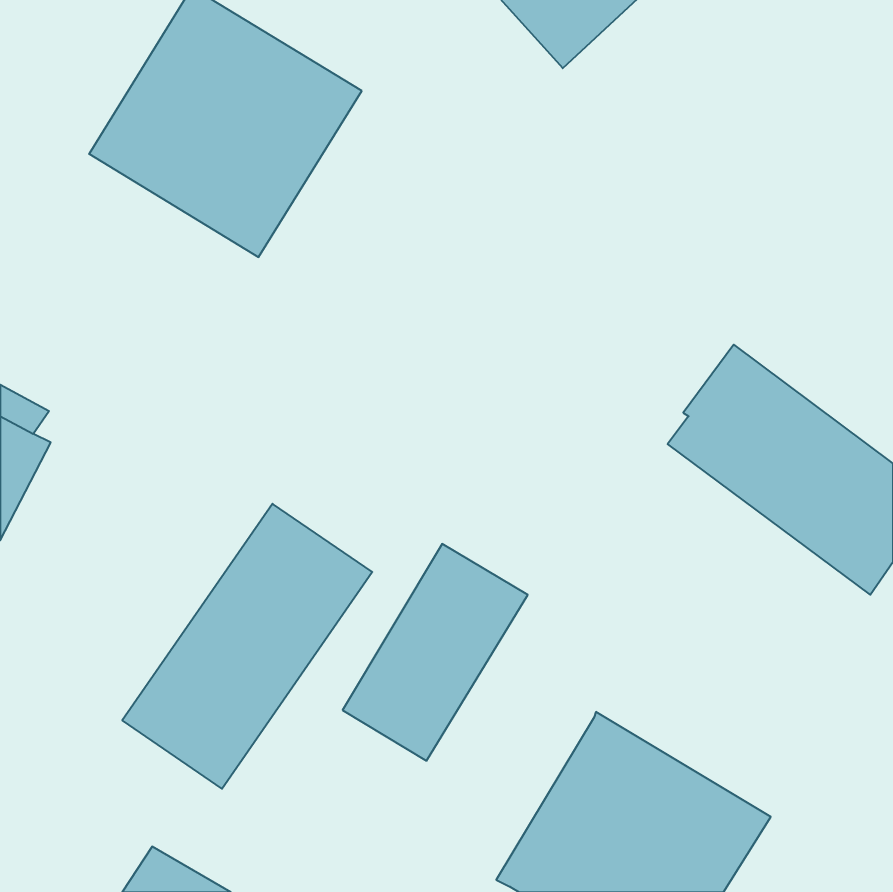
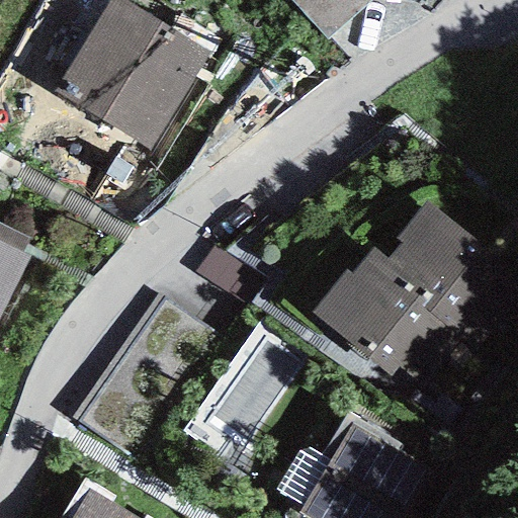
building: none -> [310,246,504,409]

